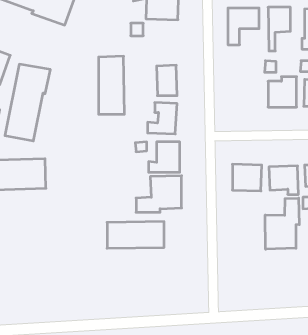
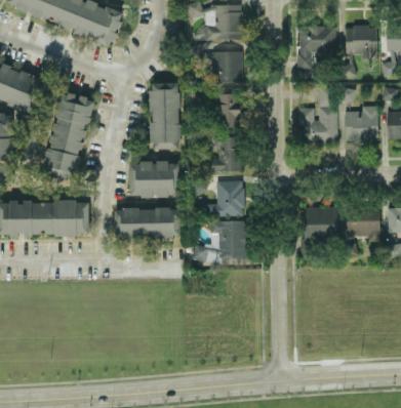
building: none -> [211,51,243,83]
building: none -> [298,86,336,144]
building: none -> [129,161,179,197]
building: [265,198,299,249] -> none
building: [107,222,164,248] -> [114,207,179,238]

